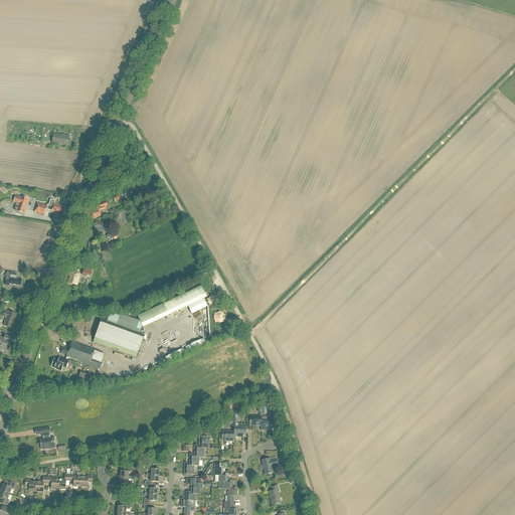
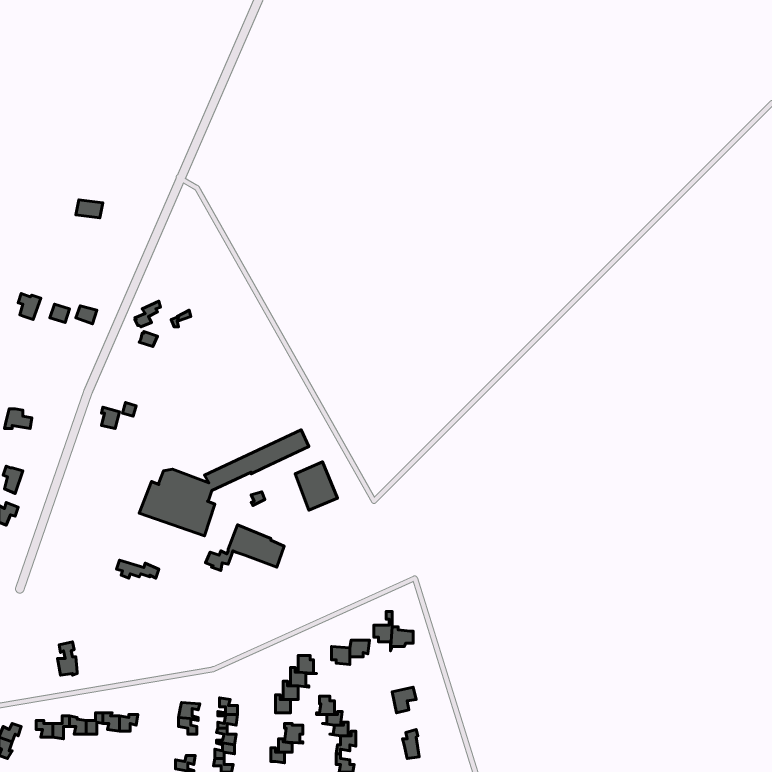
building: [50,340,103,370] -> [206,525,284,570]

